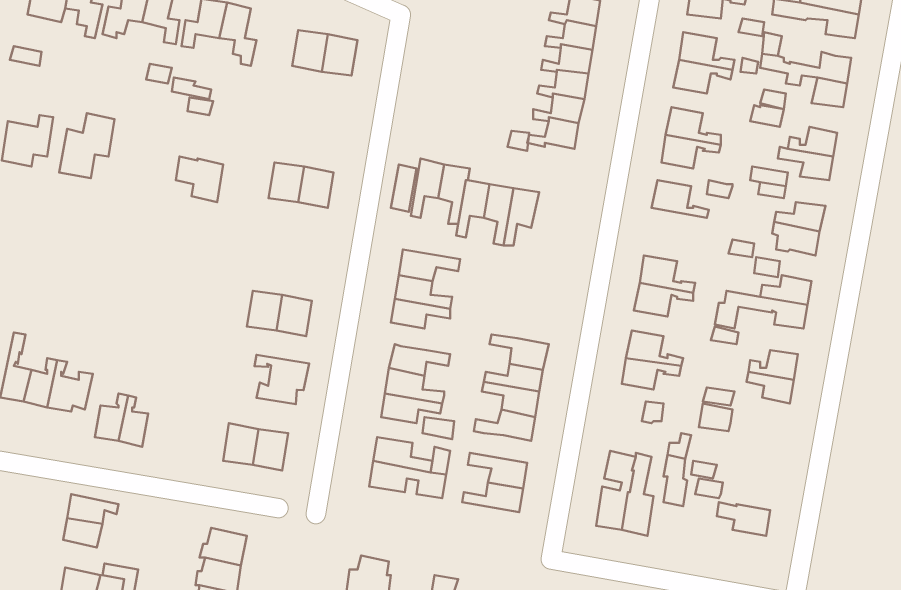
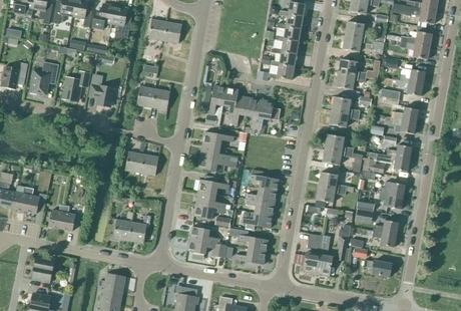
building: none -> [63,71,89,100]
building: none -> [329,109,369,126]
building: [255,355,309,404] -> none
building: none -> [372,219,399,246]

